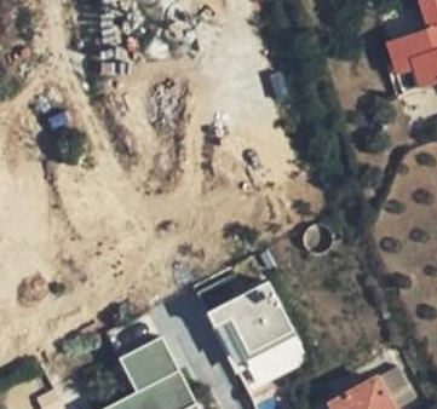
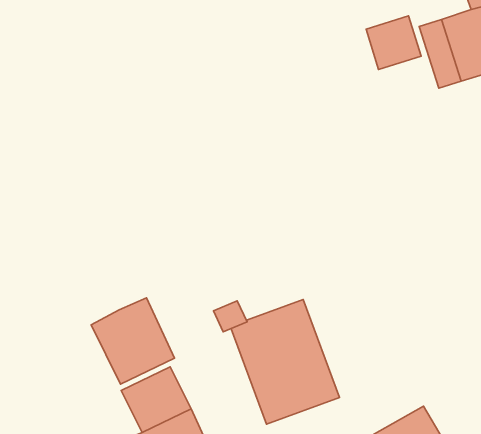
building: none -> [366,16,421,70]
building: none -> [91,298,175,384]

